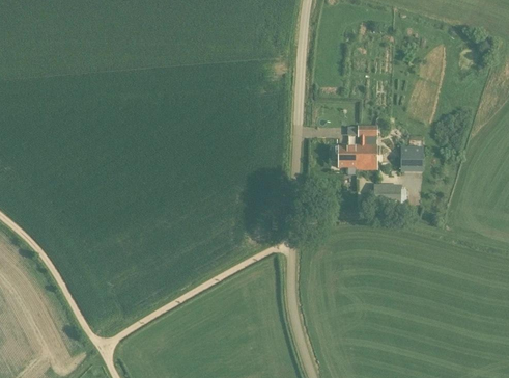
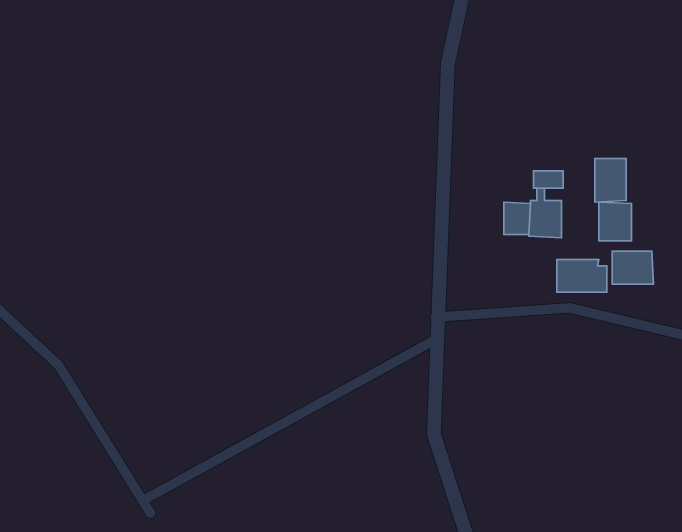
building: none -> [595,158,626,202]
building: none -> [612,251,653,284]

